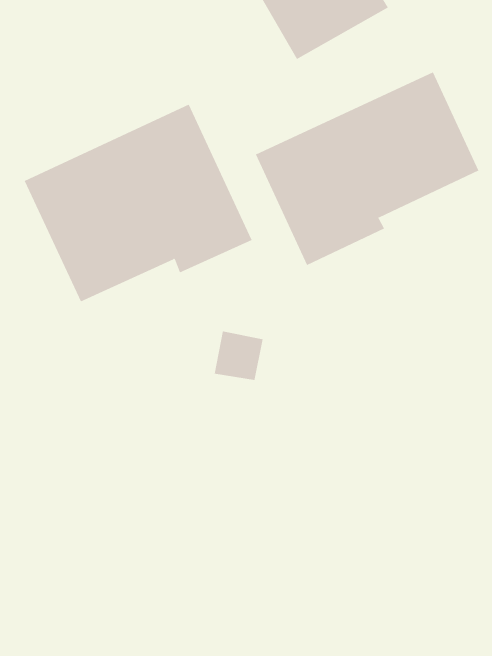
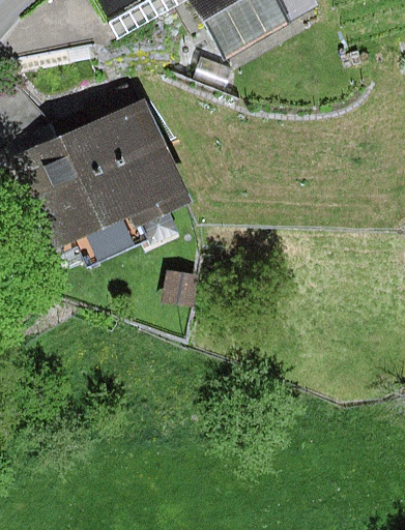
building: [255,71,479,266] -> none

